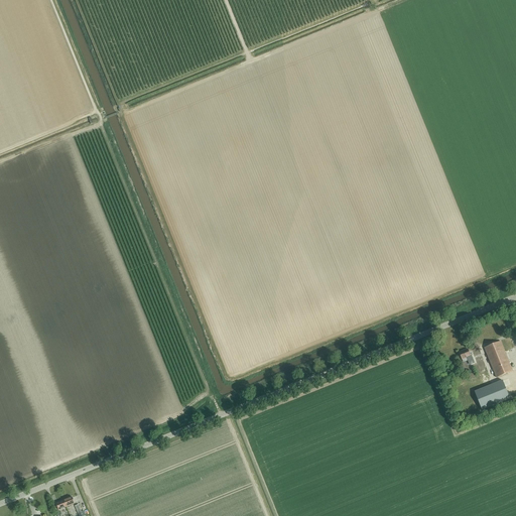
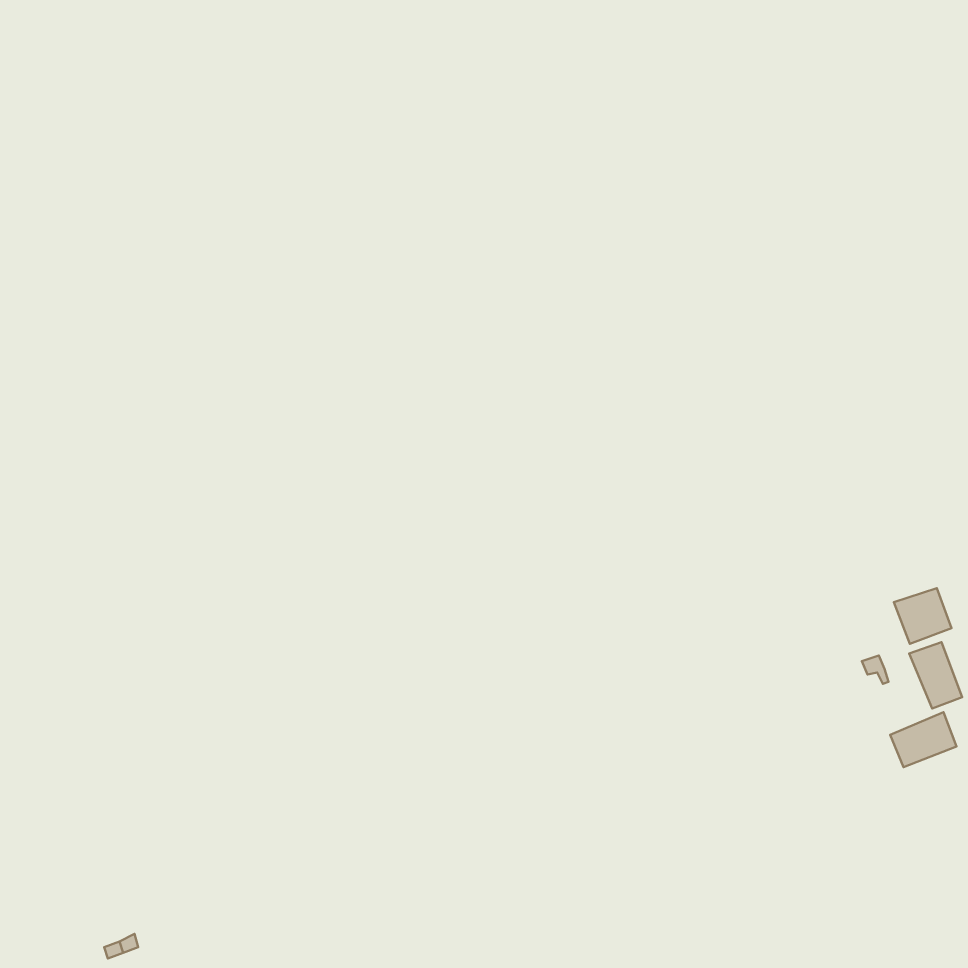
building: none -> [894,588,952,644]

